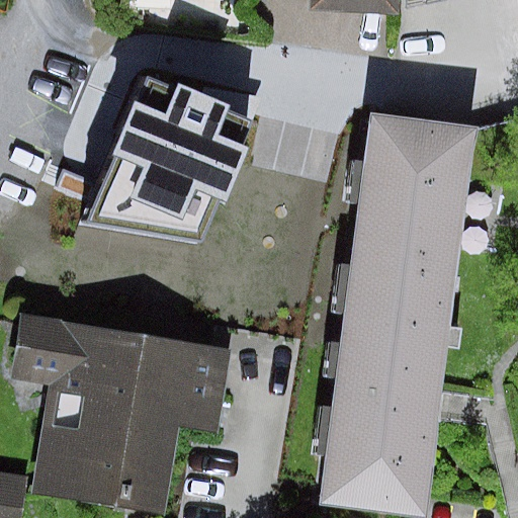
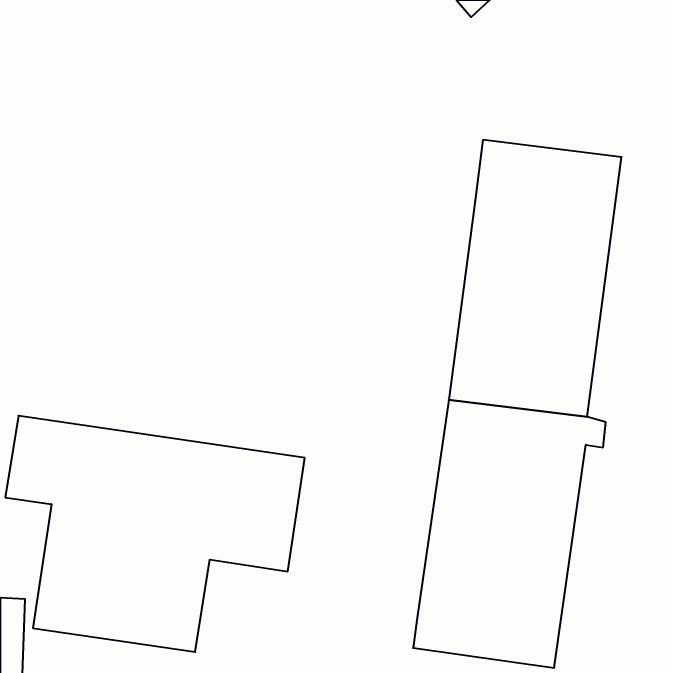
building: [85,80,250,238] -> none

